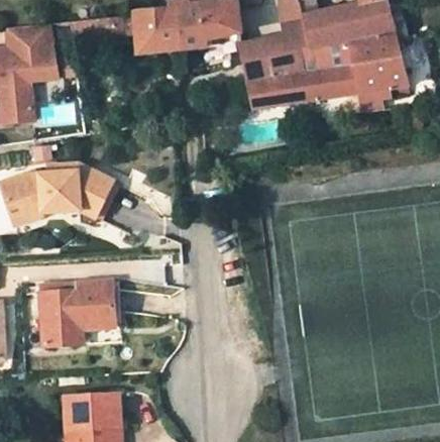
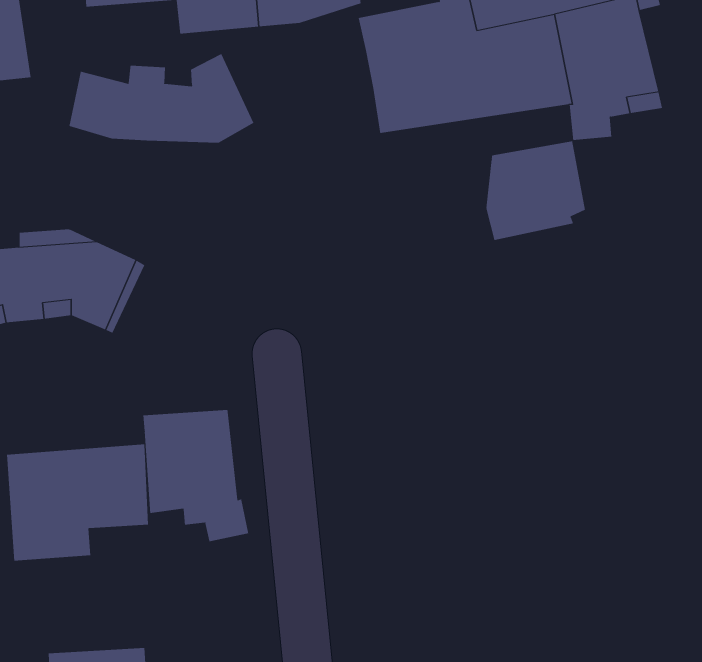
building: none -> [69,53,254,143]
building: none -> [486,141,586,241]
building: none -> [143,409,249,542]

